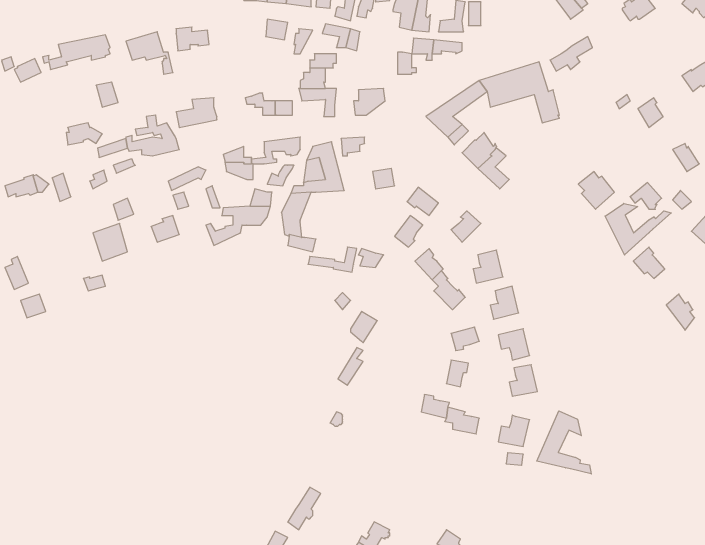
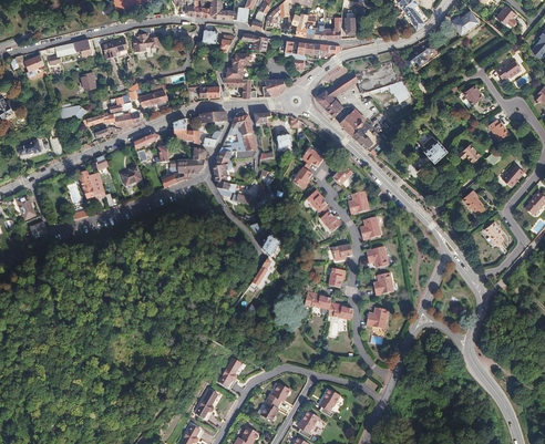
building: [605,203,671,255] -> none
building: [537,411,591,474] -> none

